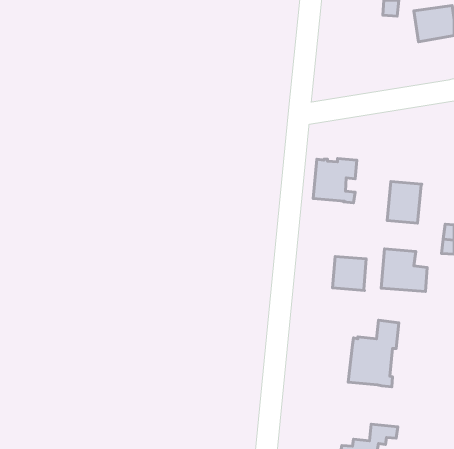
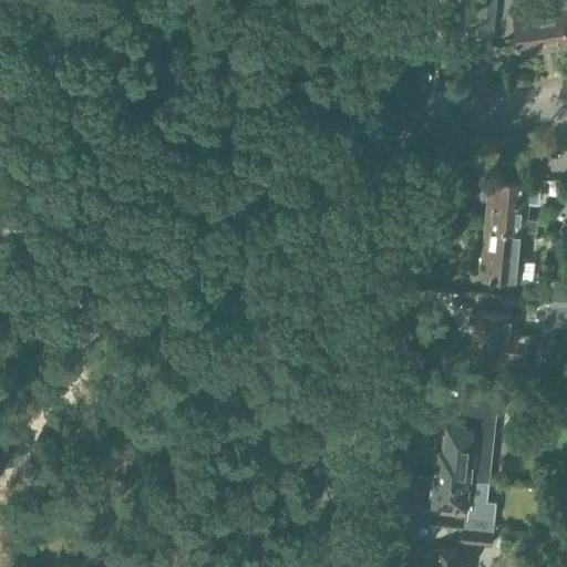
building: [313,158,357,203] -> [486,183,540,238]
building: [333,256,366,290] -> none
building: none -> [431,483,496,538]

